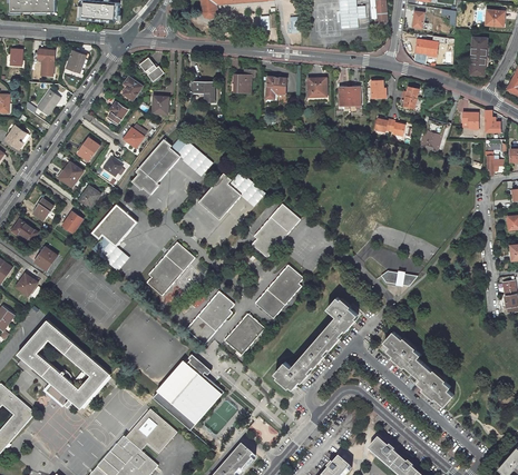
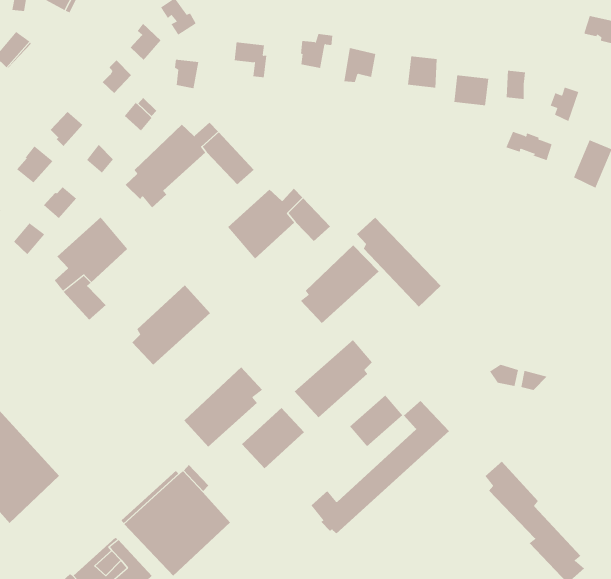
building: none -> [356,217,441,307]
building: none -> [349,395,403,447]

